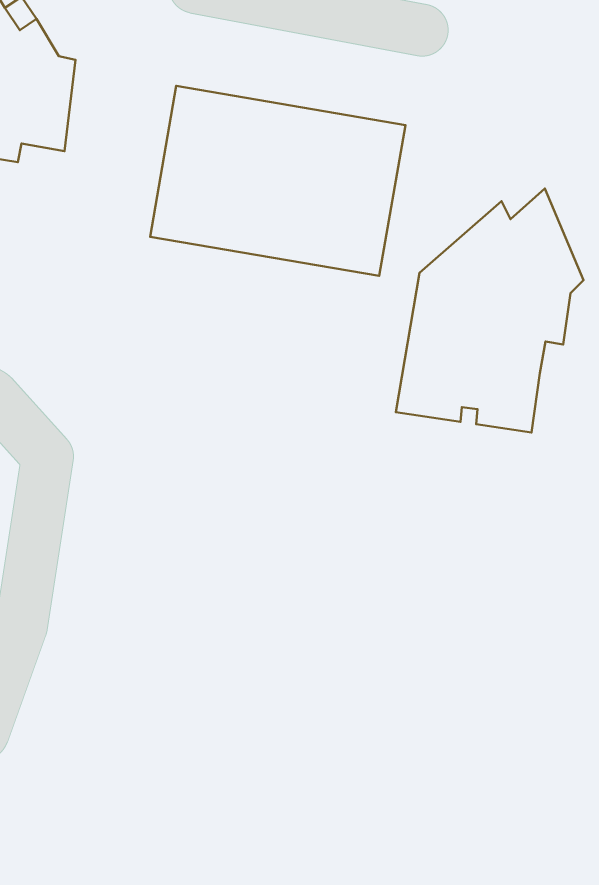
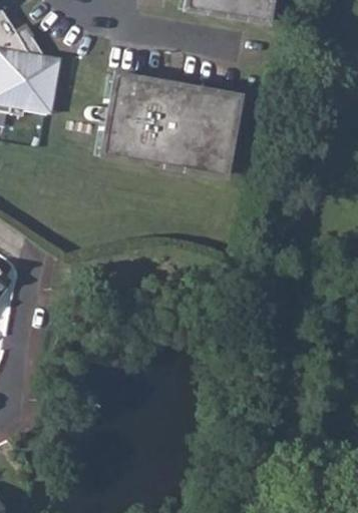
building: [396,189,583,432] -> none

